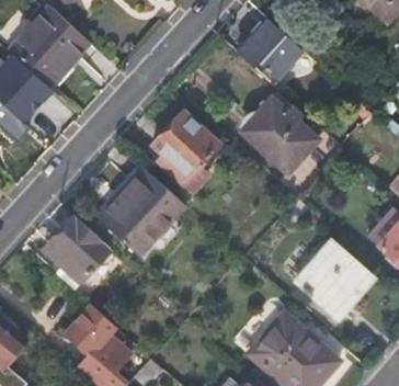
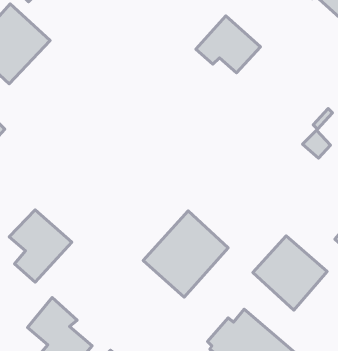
building: [243,98,318,170] -> none
building: [153,110,218,183] -> none
building: [100,168,186,256] -> [143,211,228,297]

